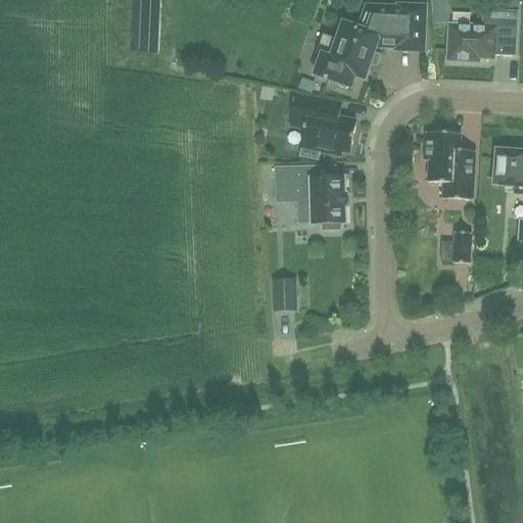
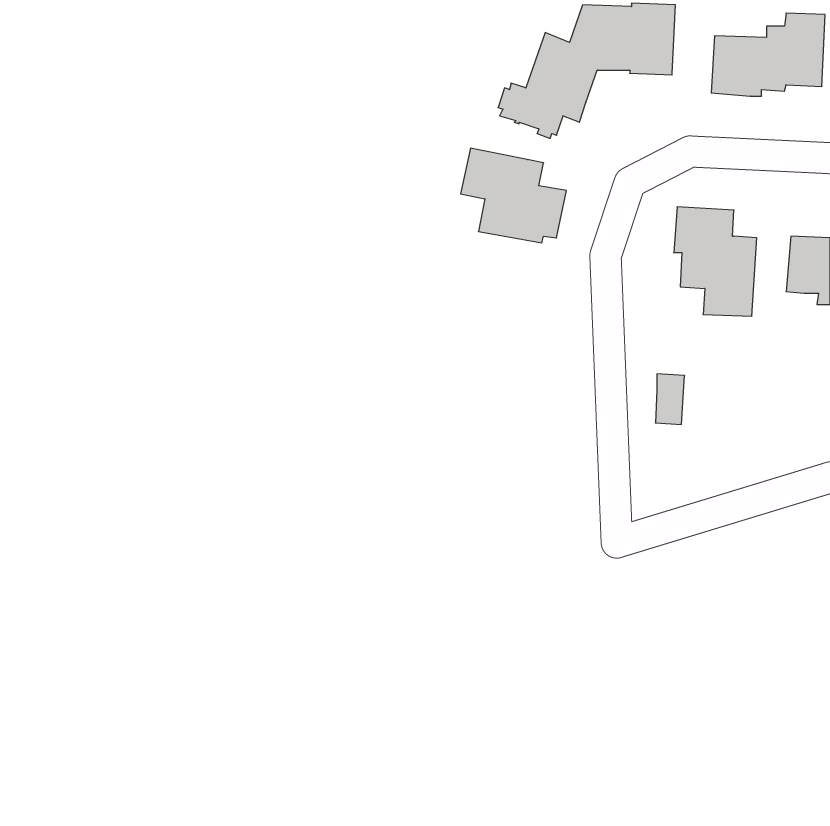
building: [274,164,346,228] -> none
building: [453,230,471,262] -> [655,374,685,424]
building: [275,278,296,307] -> none

